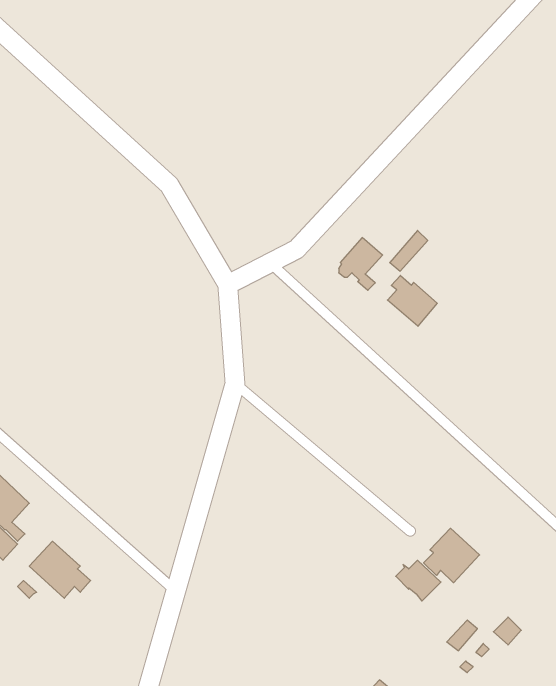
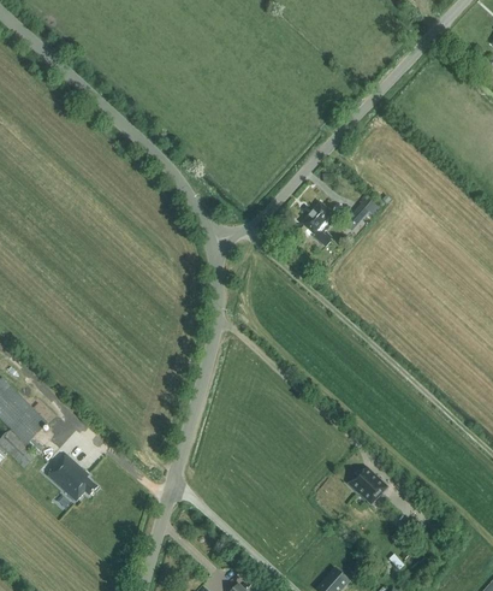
building: [387,275,437,326] -> none
building: [424,528,480,583] -> none

